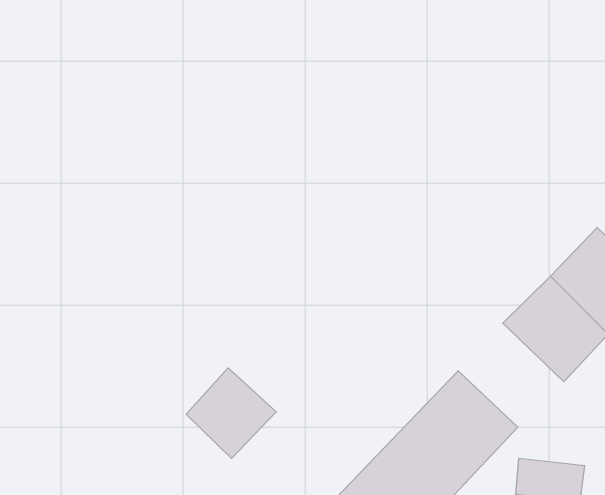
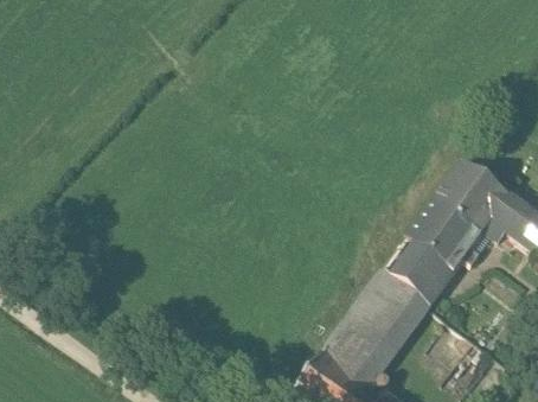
building: none -> [385,232,459,302]
building: [186,368,276,458] -> none

